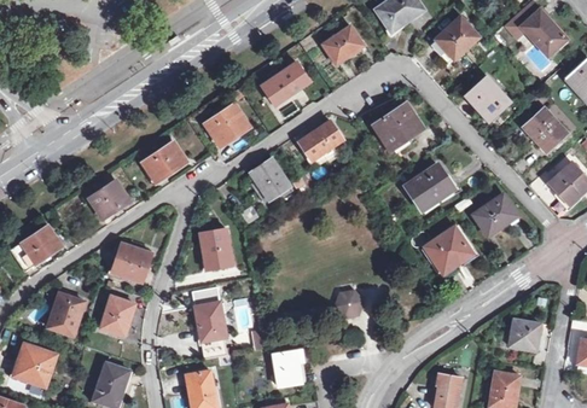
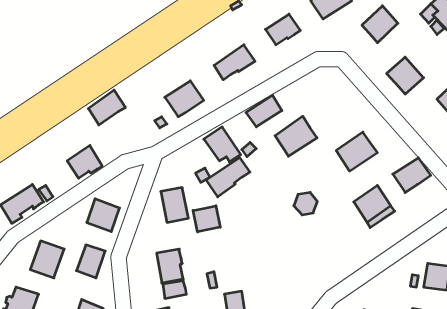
building: [373,103,423,150] -> [275,116,317,156]
building: [144,141,187,182] -> [88,90,125,125]
building: none -> [206,158,250,197]
building: none -> [193,206,220,232]
building: [335,291,362,317] -> [294,192,317,215]

